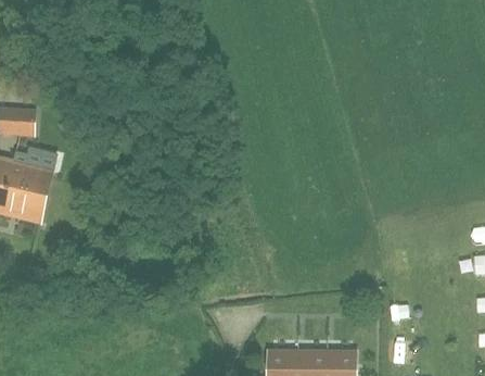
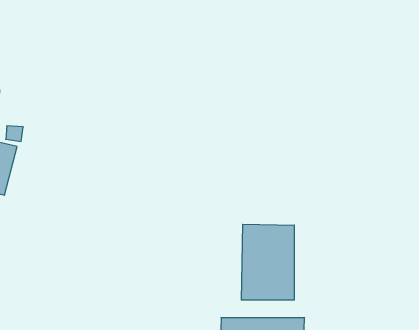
building: none -> [241,224,294,300]

